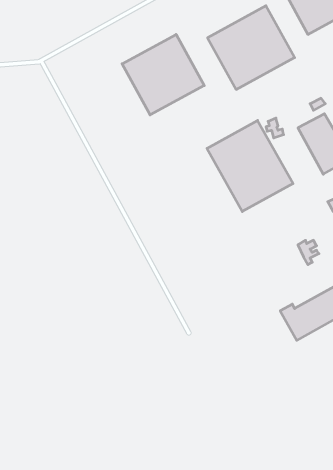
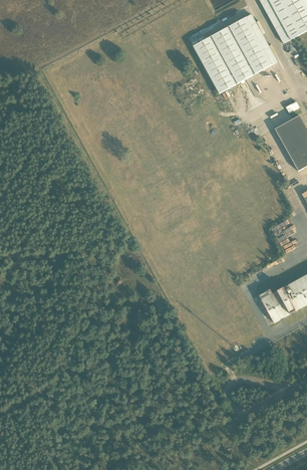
building: [122,34,204,115] -> none
building: [207,120,293,212] -> none

